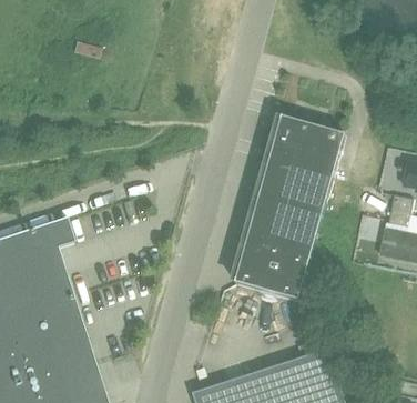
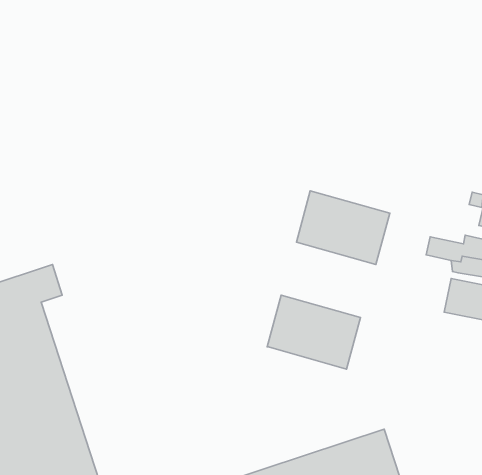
building: [269,115,345,175] -> none
building: [246,199,322,259] -> none

